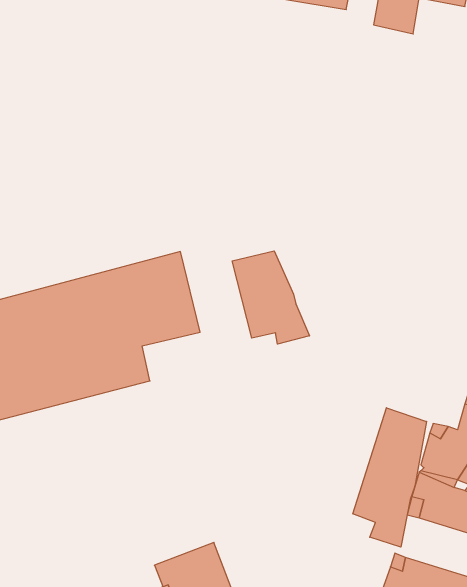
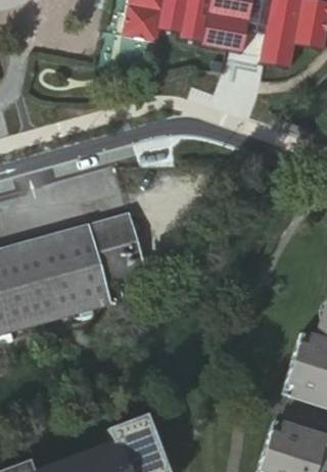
building: [232,251,309,344] -> none
building: [353,408,427,547] -> none

